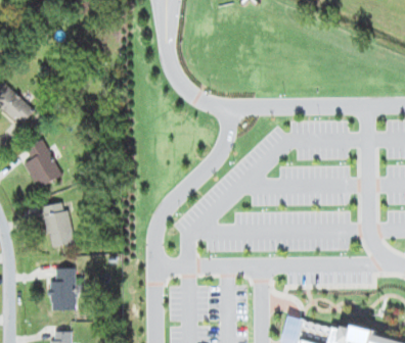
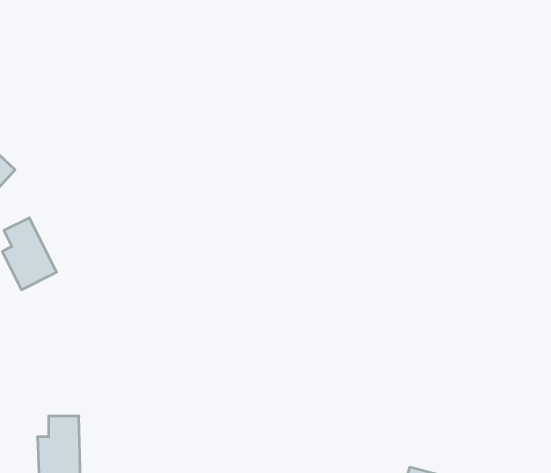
building: [42,204,75,250] -> none

